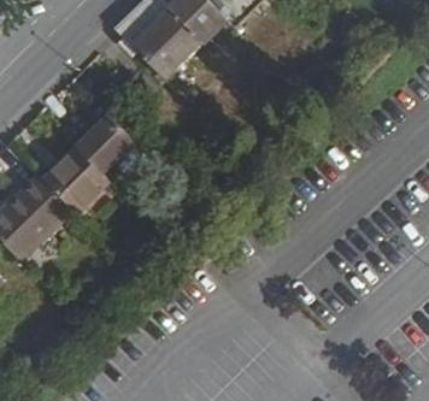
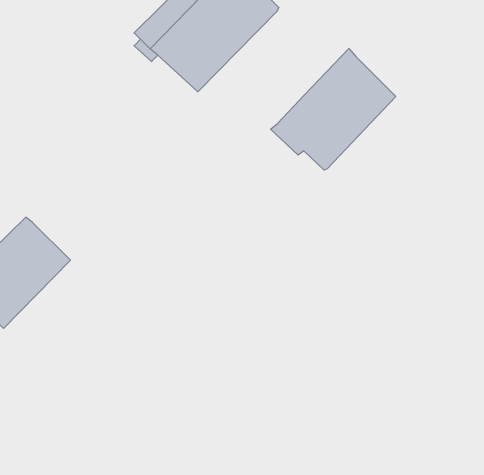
building: none -> [271,49,396,170]
building: [45,110,136,205] -> none

